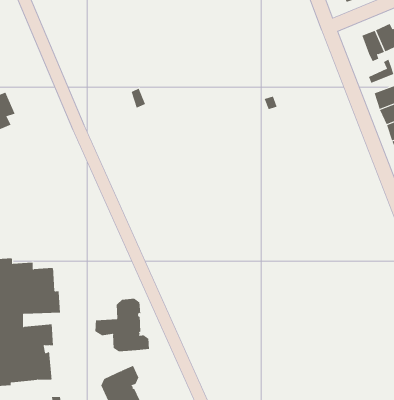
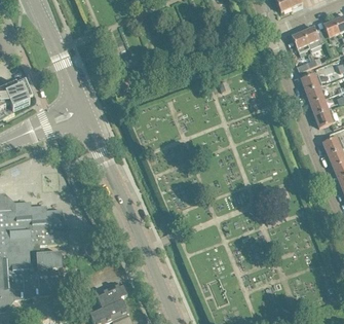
building: [95,298,149,352] -> none

